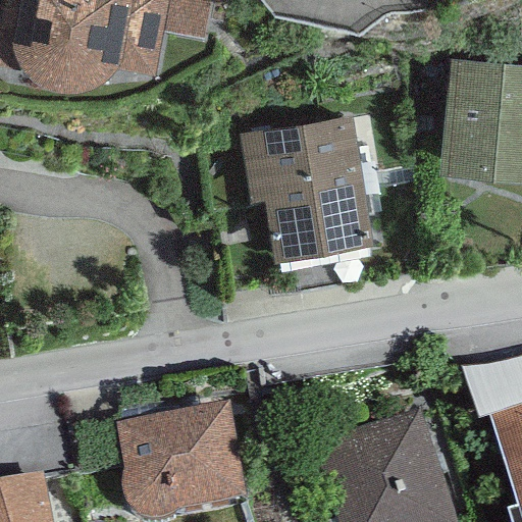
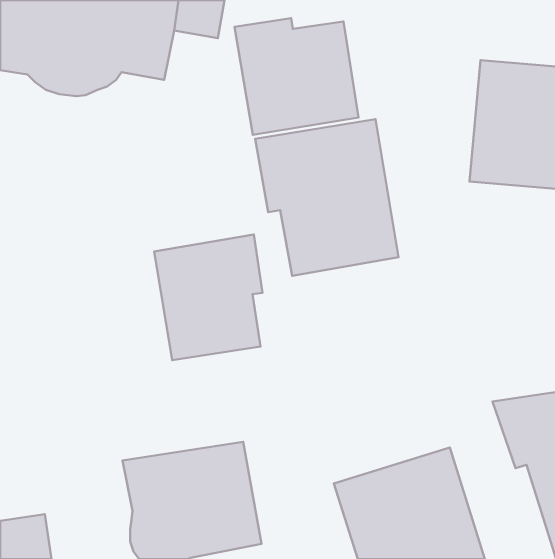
building: none -> [235,18,359,135]
building: none -> [154,235,263,360]

